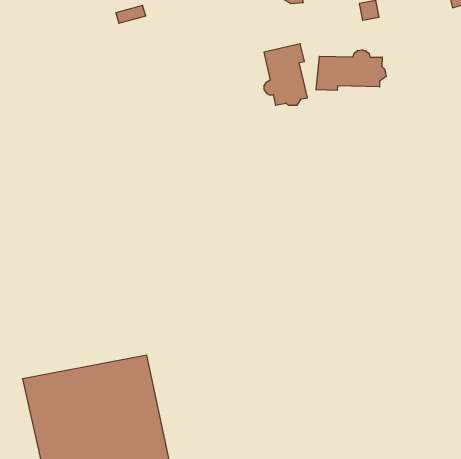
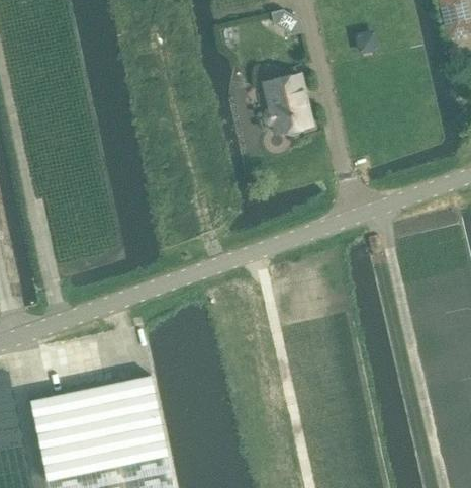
building: [316,50,386,90] -> none

